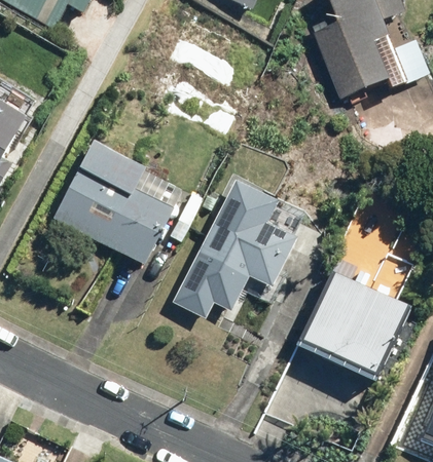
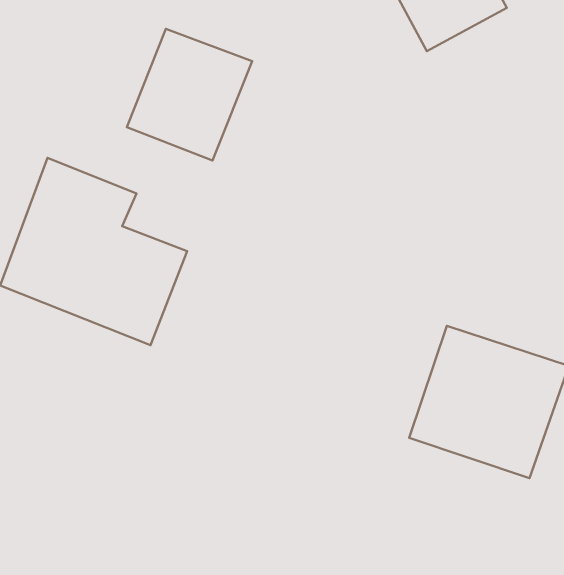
building: none -> [127,29,252,160]
building: [176,187,297,310] -> none

